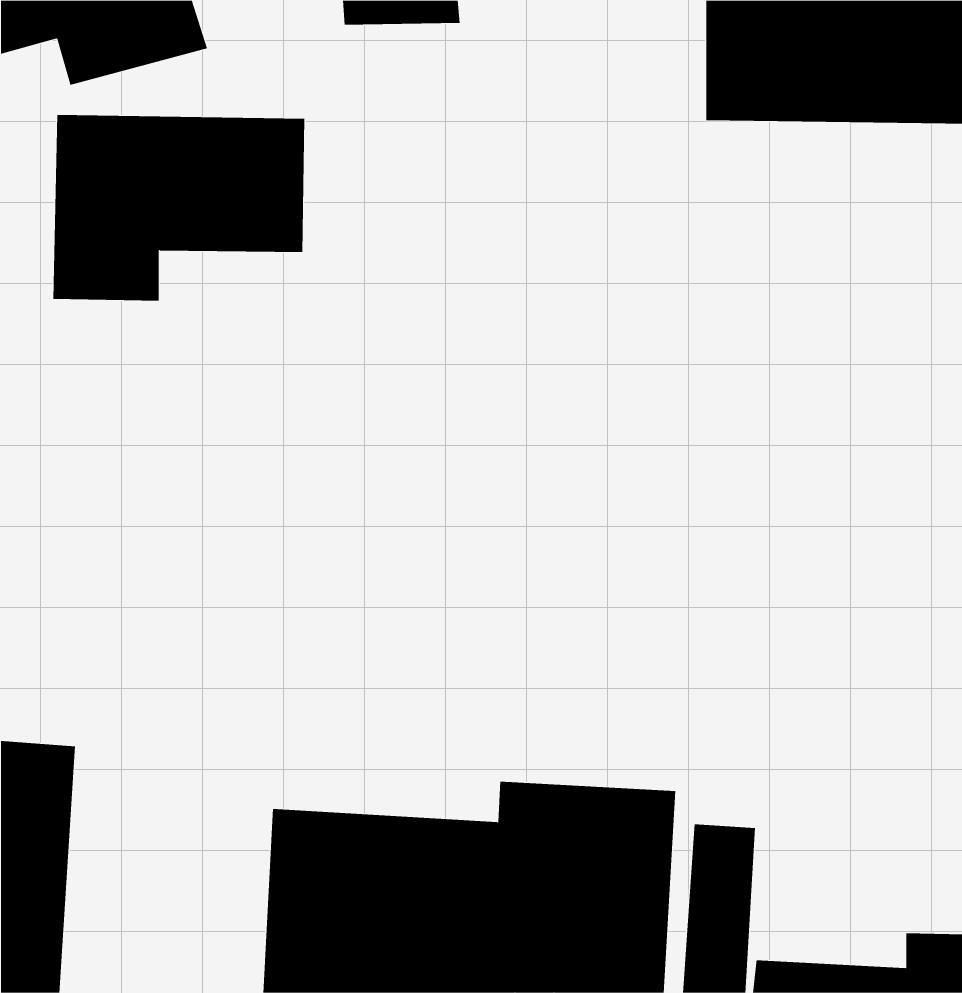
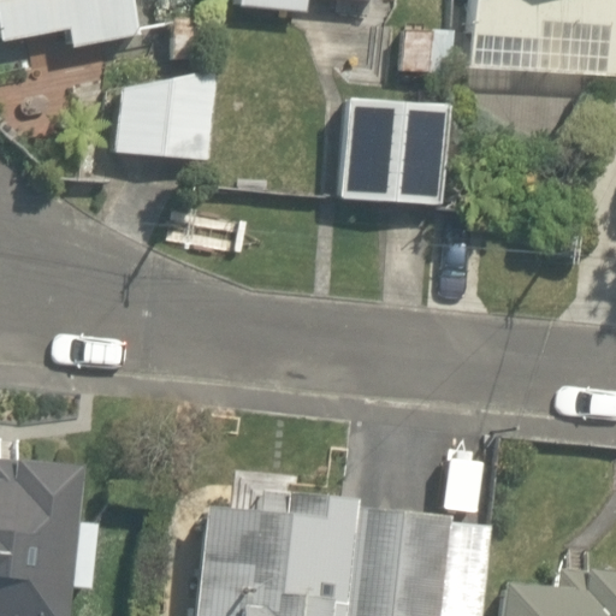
building: none -> [313,94,454,208]

